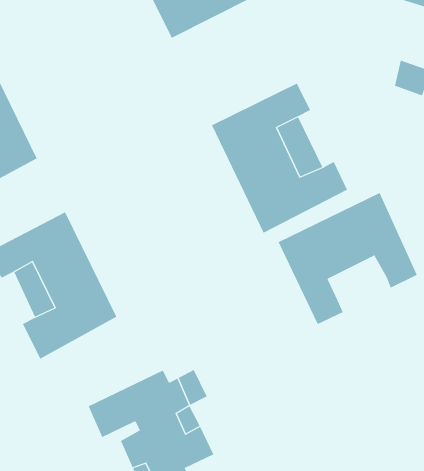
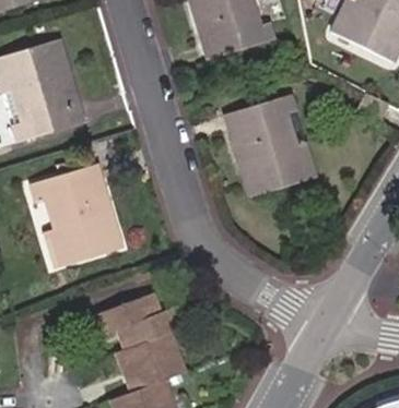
building: [278,192,417,325] -> none

